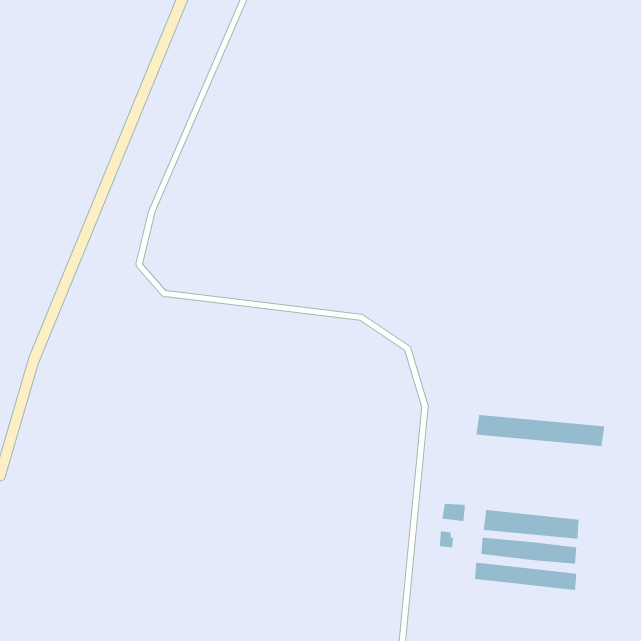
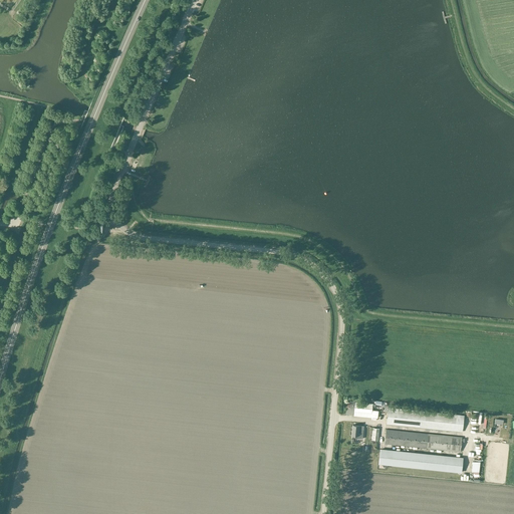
building: [476,414,605,447] -> none

